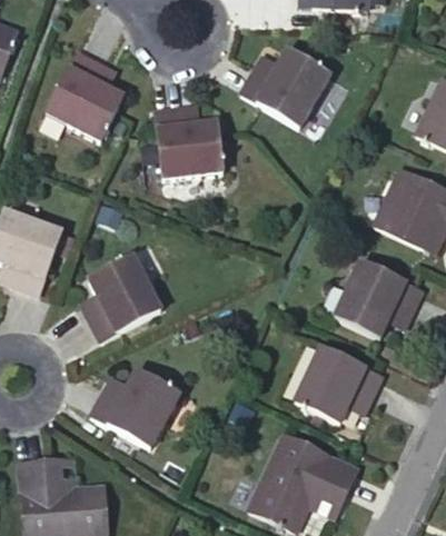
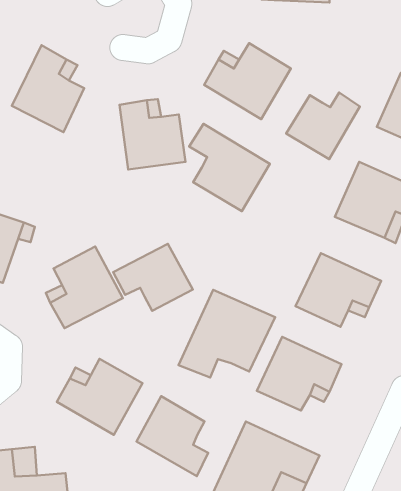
building: none -> [286,92,360,159]
building: none -> [189,124,270,211]
building: none -> [113,244,193,311]
building: none -> [178,290,275,377]
building: none -> [136,396,208,476]

